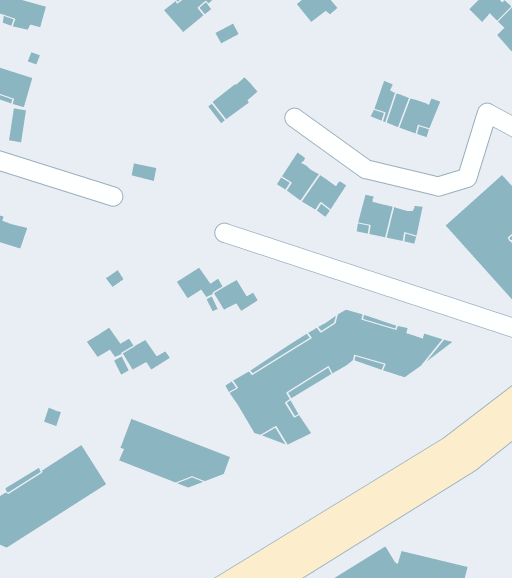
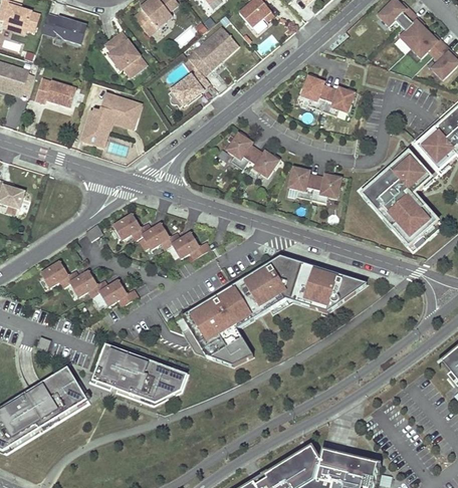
building: none -> [42,13,85,43]
building: none -> [187,26,238,75]
building: none -> [105,32,145,75]
building: none -> [35,77,76,106]
building: none -> [81,92,141,147]
building: none -> [112,213,151,238]
building: none -> [41,261,80,286]

